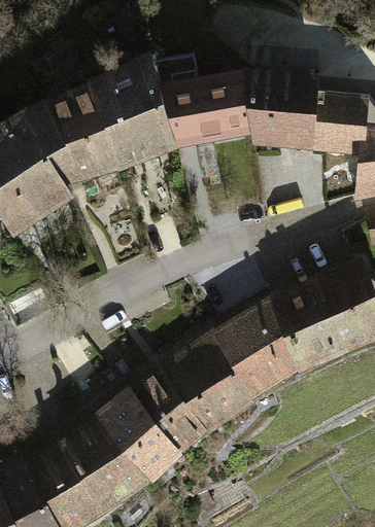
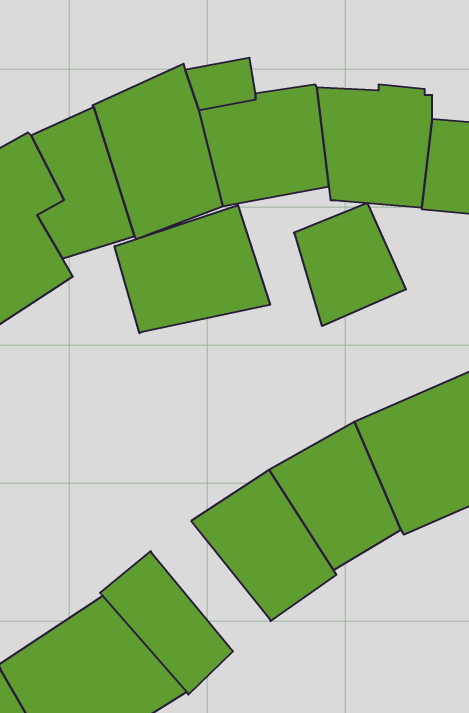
building: none -> [294,203,406,326]
building: none -> [115,205,270,333]
building: [126,366,206,454] -> none

